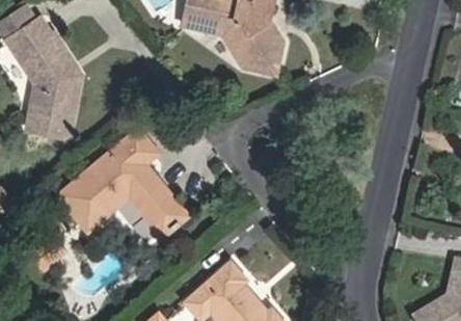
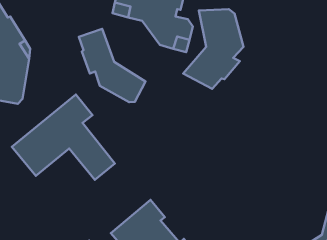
building: none -> [183,9,244,89]
building: none -> [79,29,145,102]

